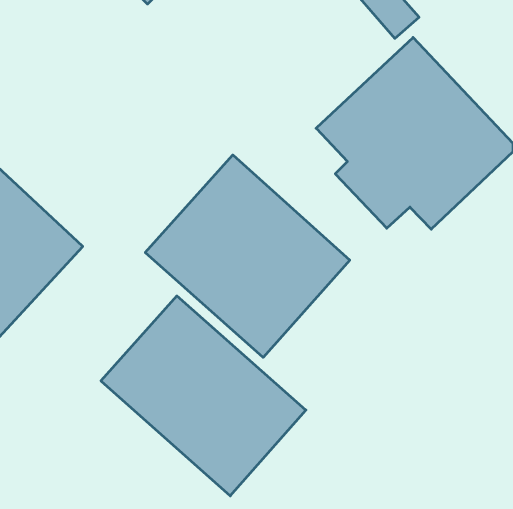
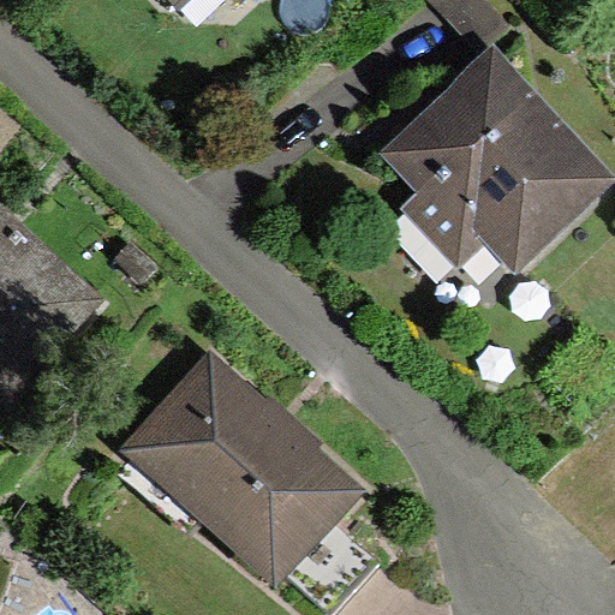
building: [145,155,350,357] -> none

